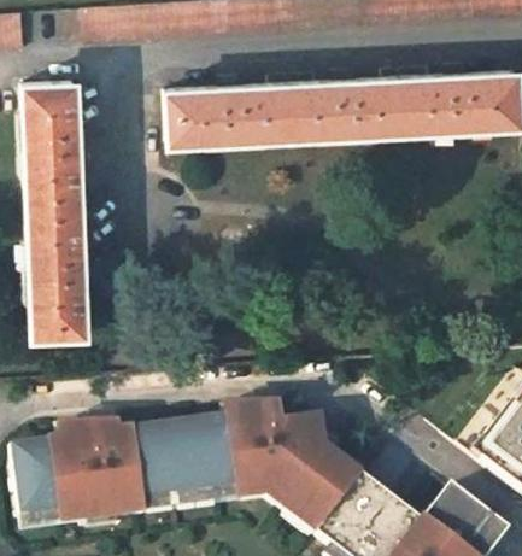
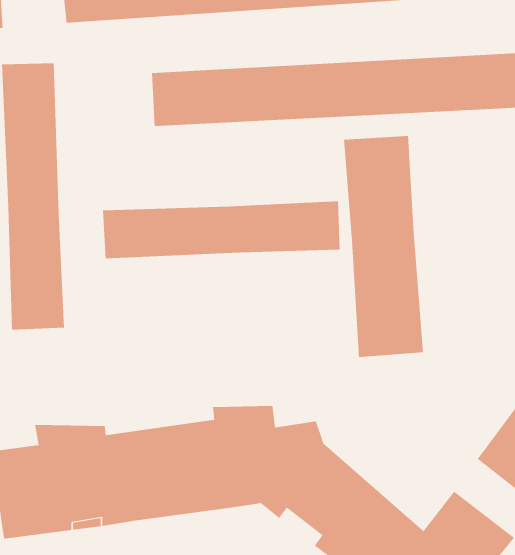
building: none -> [343,135,423,358]
building: none -> [103,201,340,259]

